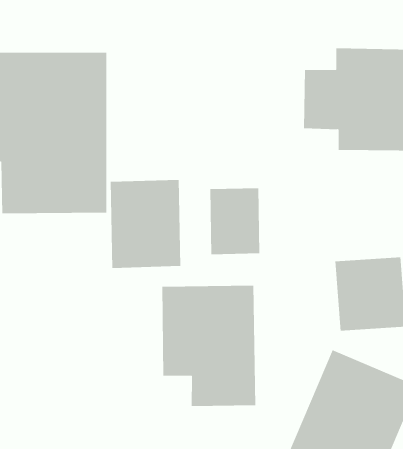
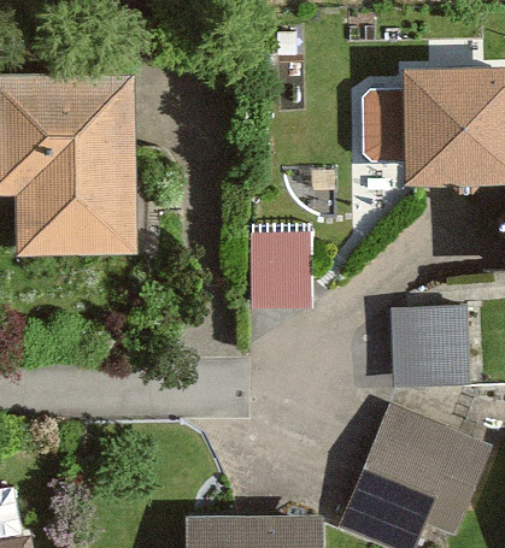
building: [110,179,181,269] -> none
building: [162,285,256,407] -> none

